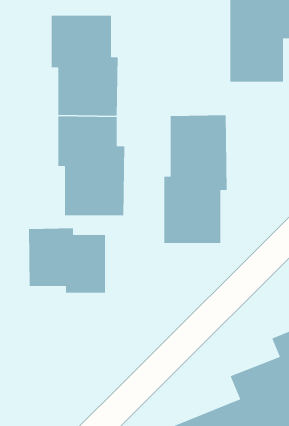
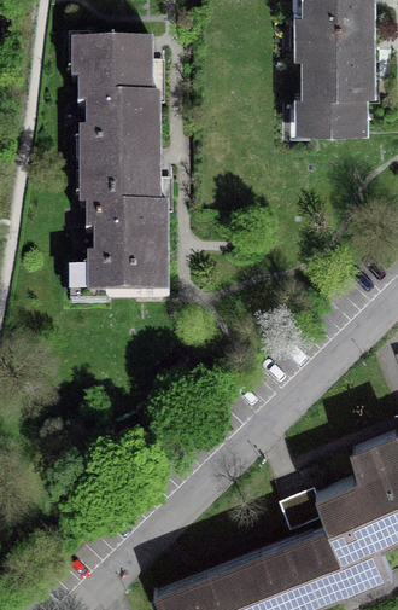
building: [163,114,228,244] -> none
building: [28,228,106,294] -> none

